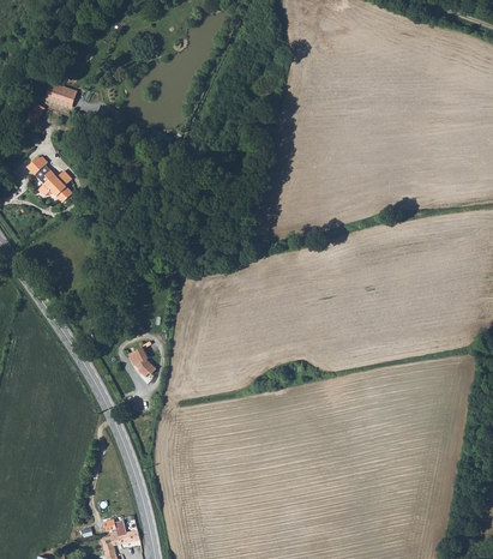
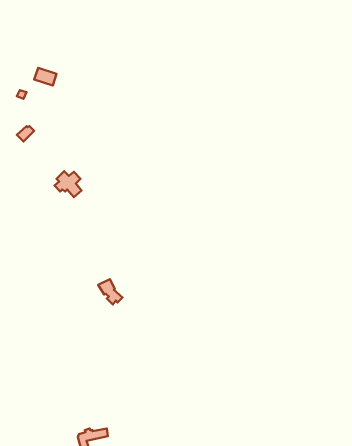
building: [38,170,72,203] -> [54,171,82,197]

